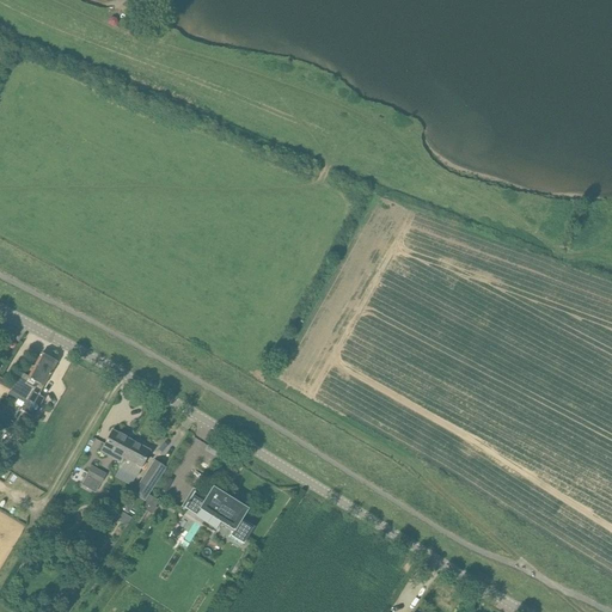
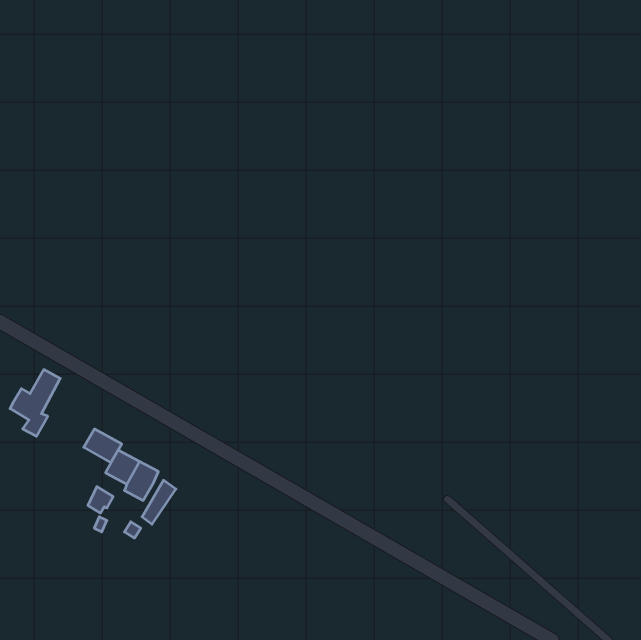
building: none -> [84,429,122,462]
building: [182,485,256,544] -> none

